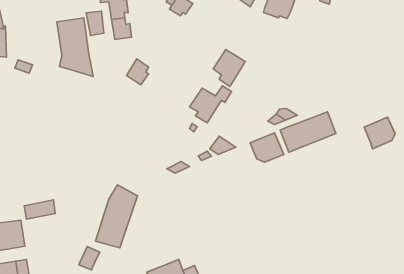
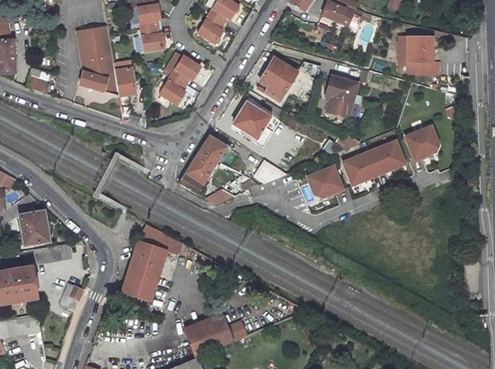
building: none -> [195,15,221,45]
building: [86,11,104,36] -> [112,66,133,95]
building: none -> [398,34,441,74]
building: none -> [169,56,199,84]
building: none -> [324,72,360,117]
building: none -> [178,141,228,201]
building: [364,117,395,149] -> [404,122,441,160]
building: none -> [20,211,50,244]
building: [79,246,100,270] -> [59,285,84,313]

